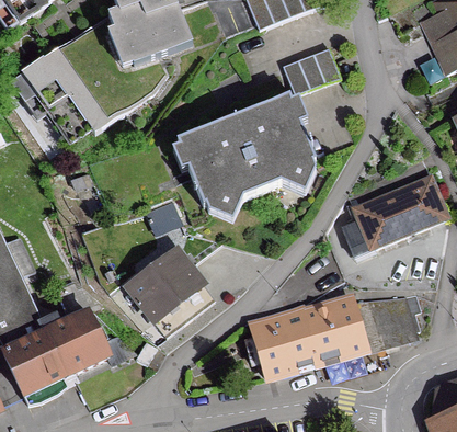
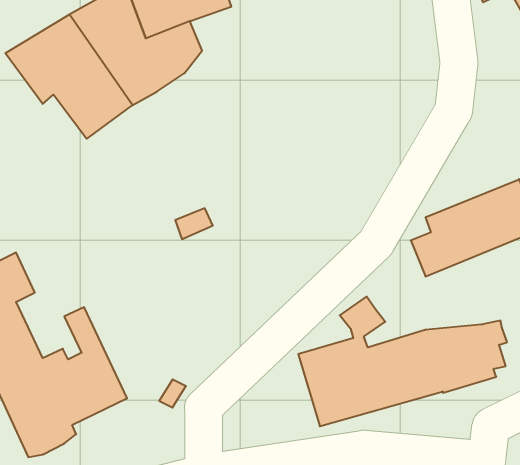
building: [281,48,339,96] -> none
building: [175,96,313,224] -> none
building: [127,251,201,321] -> none

